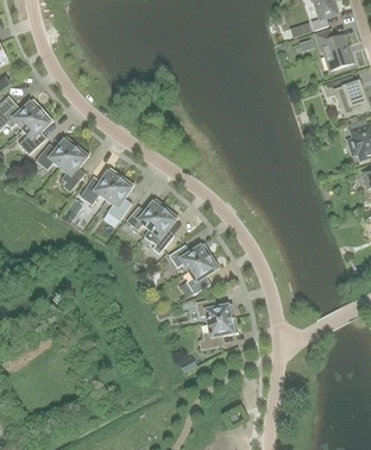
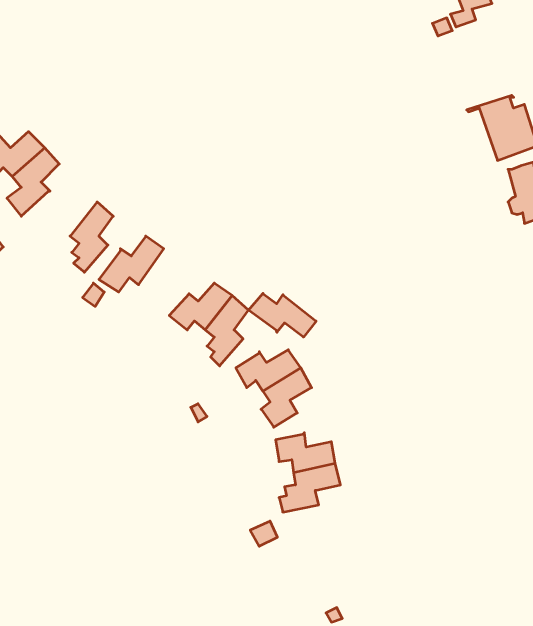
building: [314,29,353,69] -> none
building: [34,135,77,169] -> none
building: [105,175,133,220] -> none
building: none -> [249,293,316,337]

